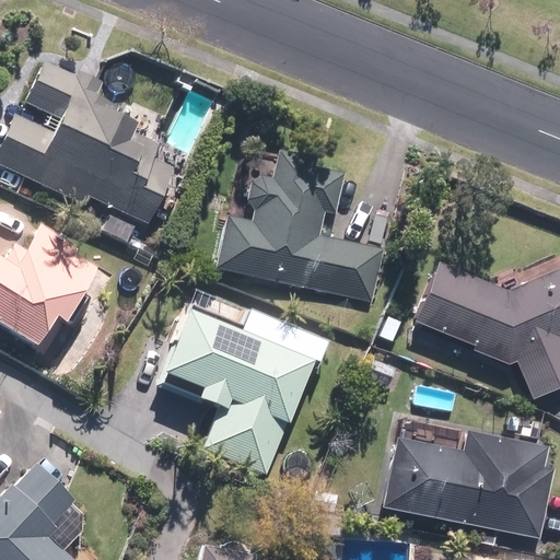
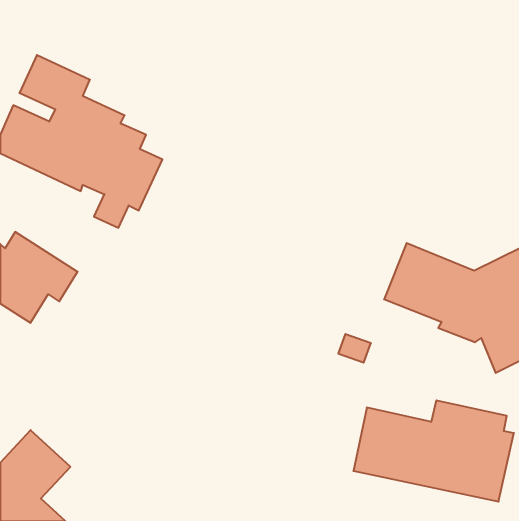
building: [215,155,382,301] -> none
building: [159,303,314,477] -> none

